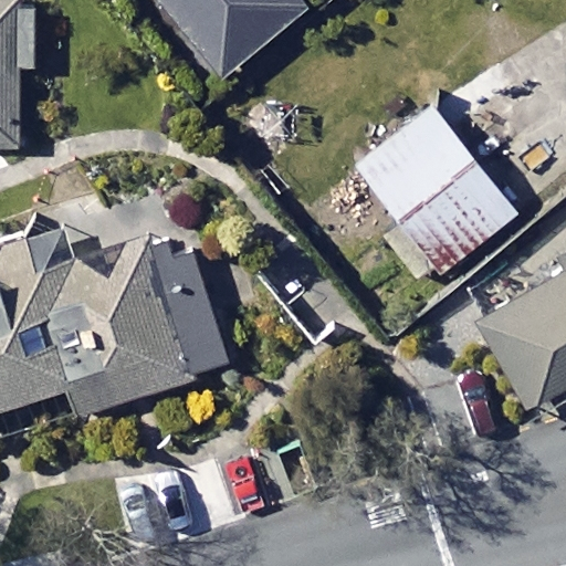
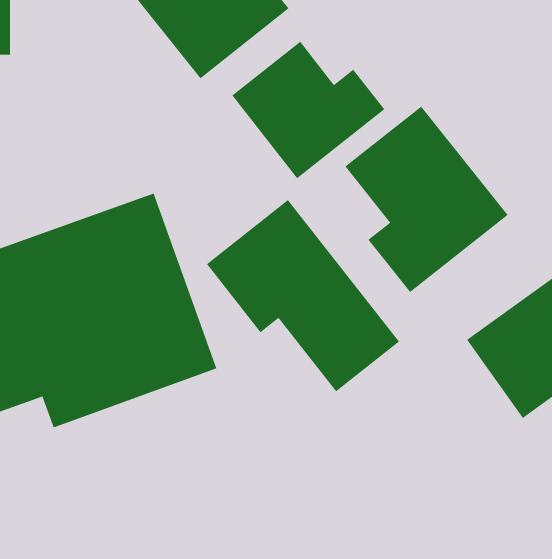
building: none -> [232,41,385,179]
building: none -> [206,199,400,392]

